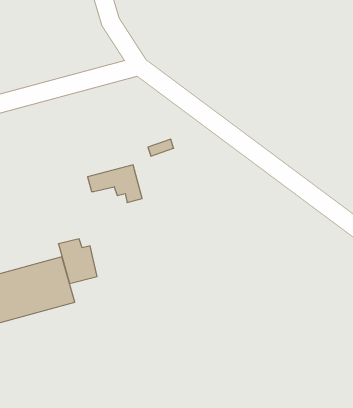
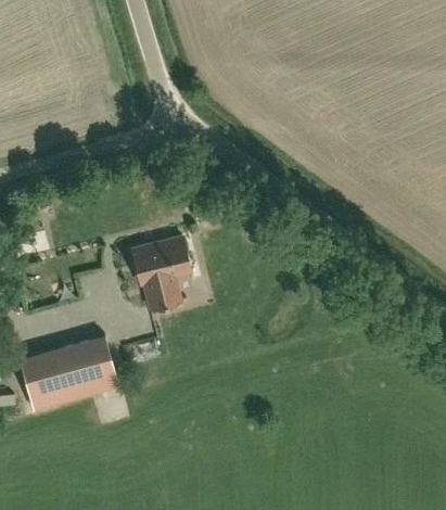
building: [58,239,97,283] -> [138,259,180,308]

